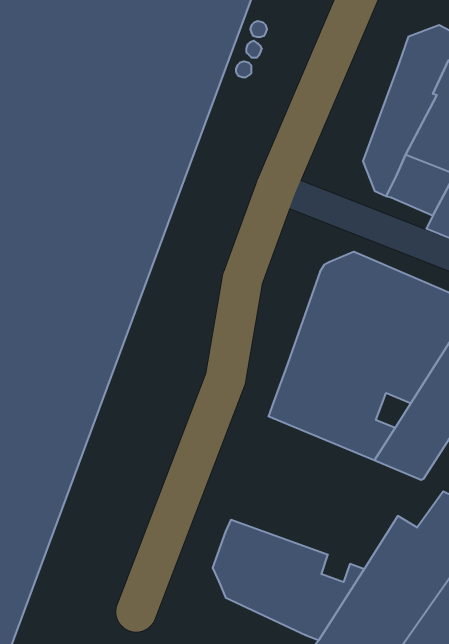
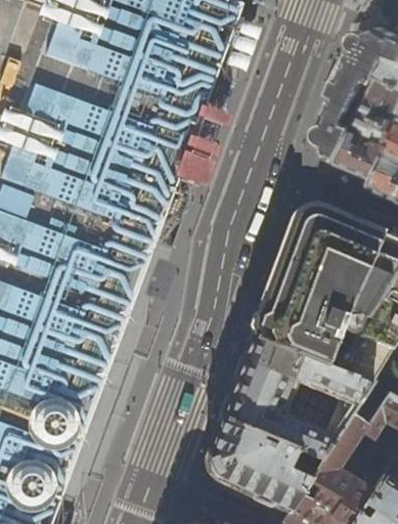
building: none -> [220,336,370,456]

